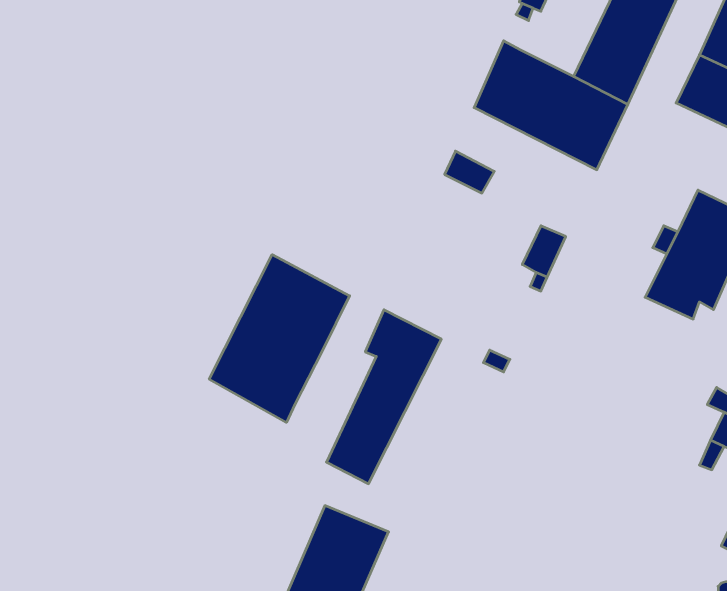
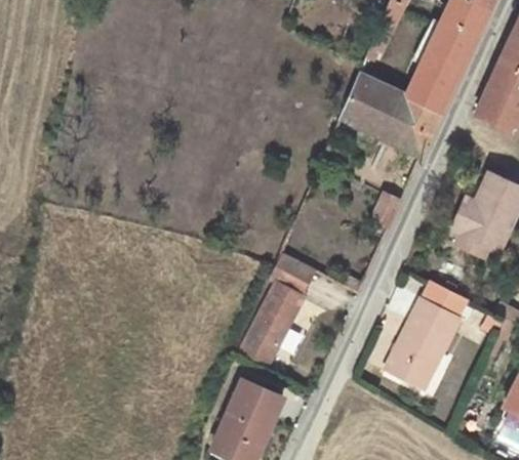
building: [209,255,350,422] -> none
building: none -> [386,280,468,387]

